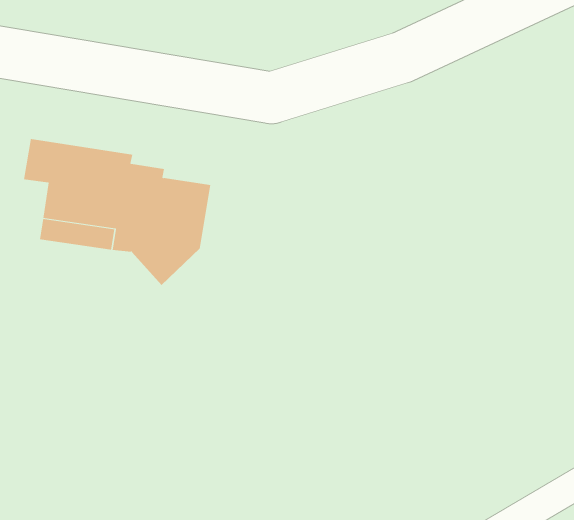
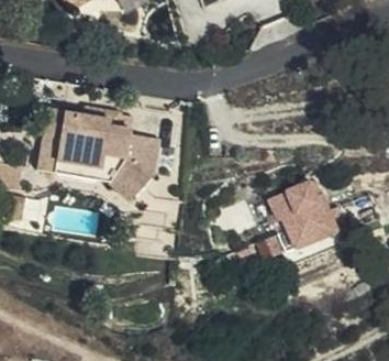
building: none -> [266,180,334,248]

